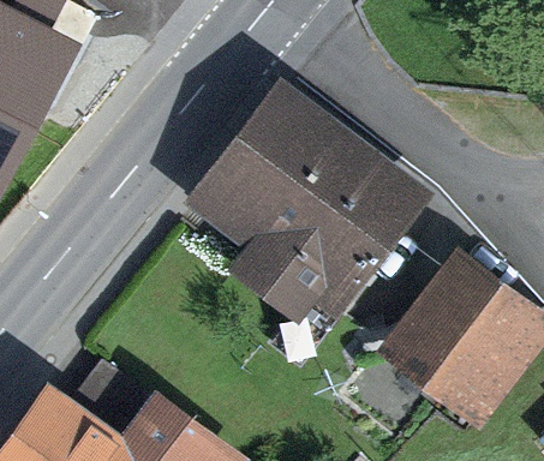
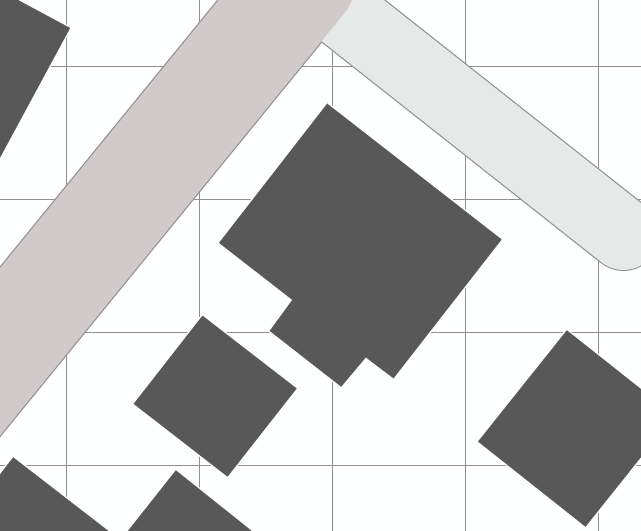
building: none -> [133,314,298,478]

